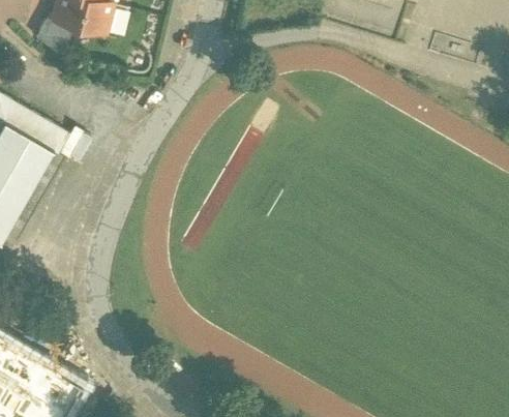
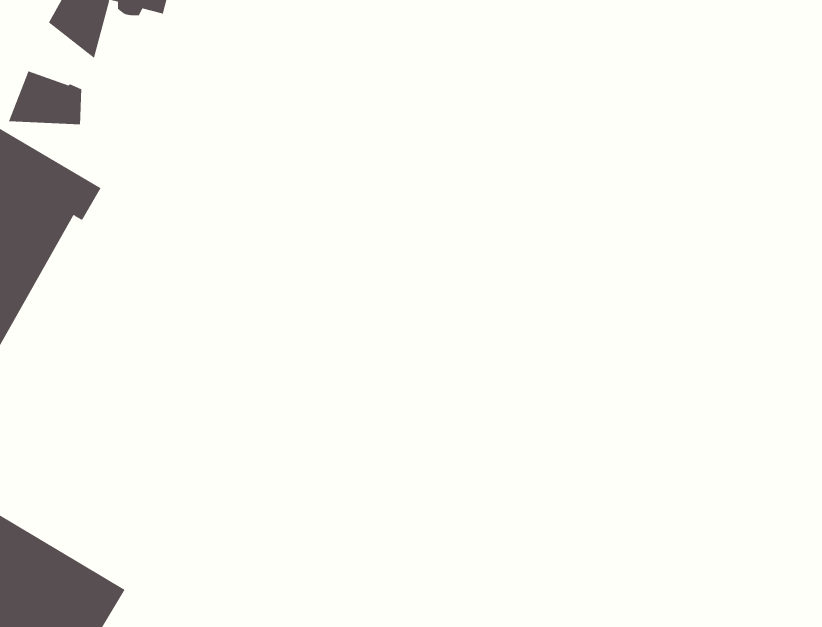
building: none -> [8,70,82,125]

